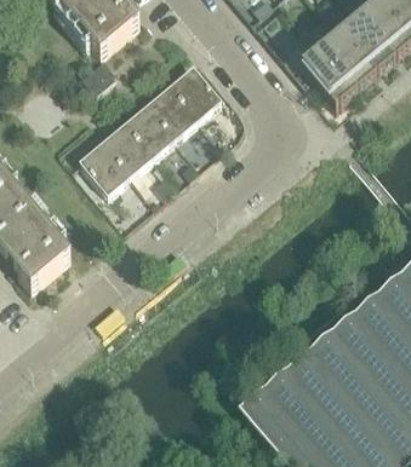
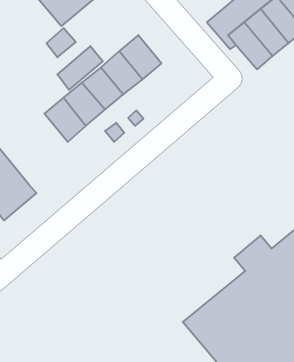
building: none -> [57,46,103,90]

